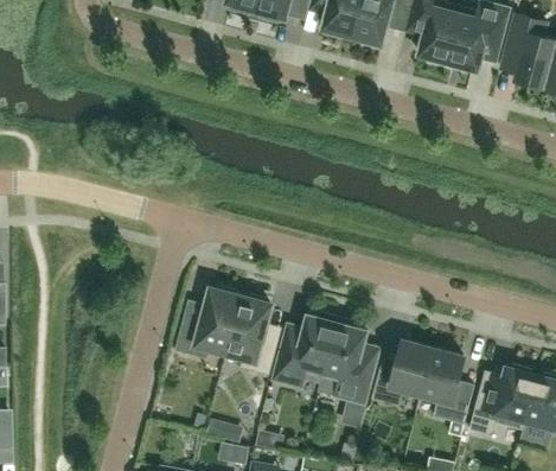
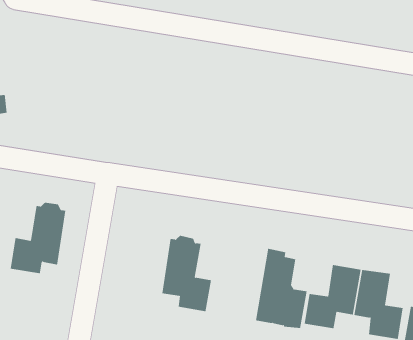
building: [175,286,239,359] -> [10,202,66,274]
building: [274,312,339,390] -> none

